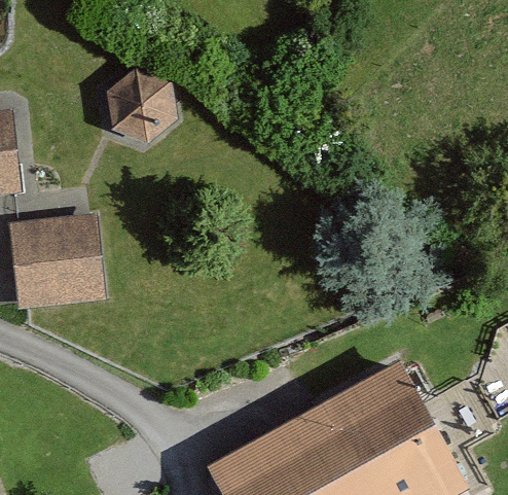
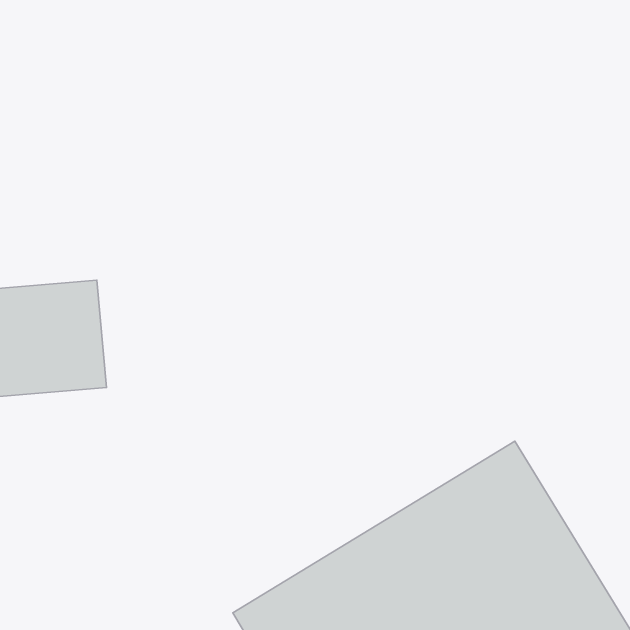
building: [98,72,184,160] -> none

